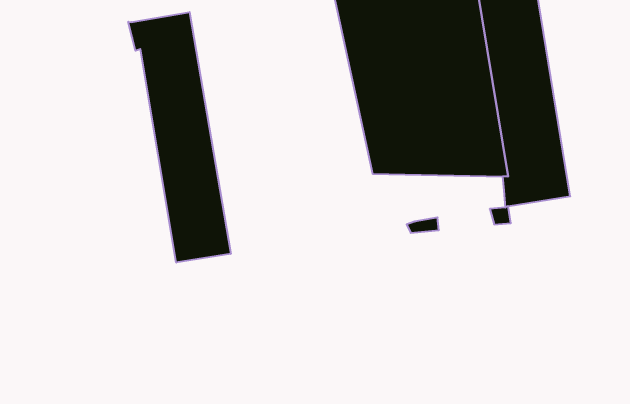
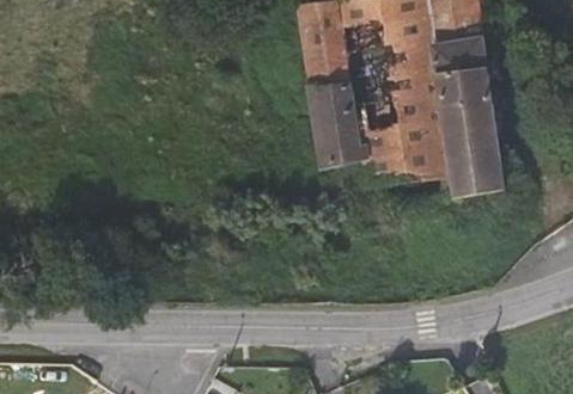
building: [128,12,231,263] -> none

